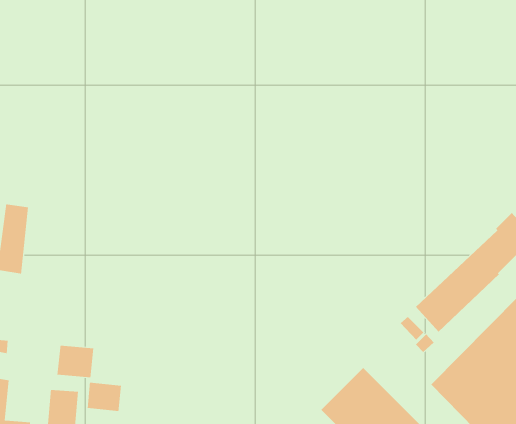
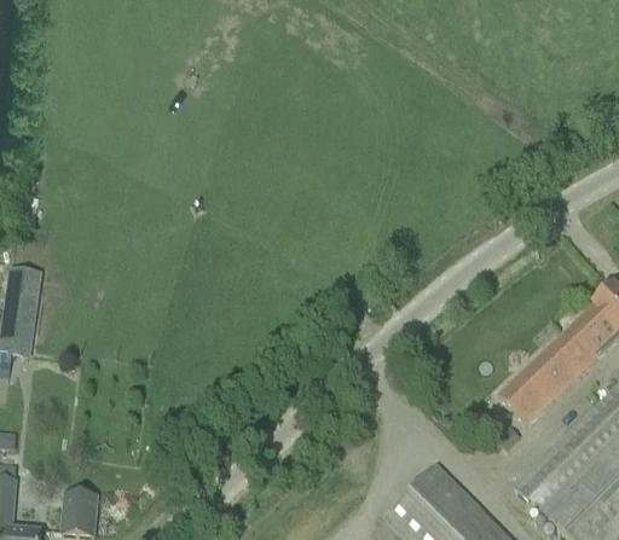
building: [57,345,94,378] -> none
building: [87,382,121,412] -> none

